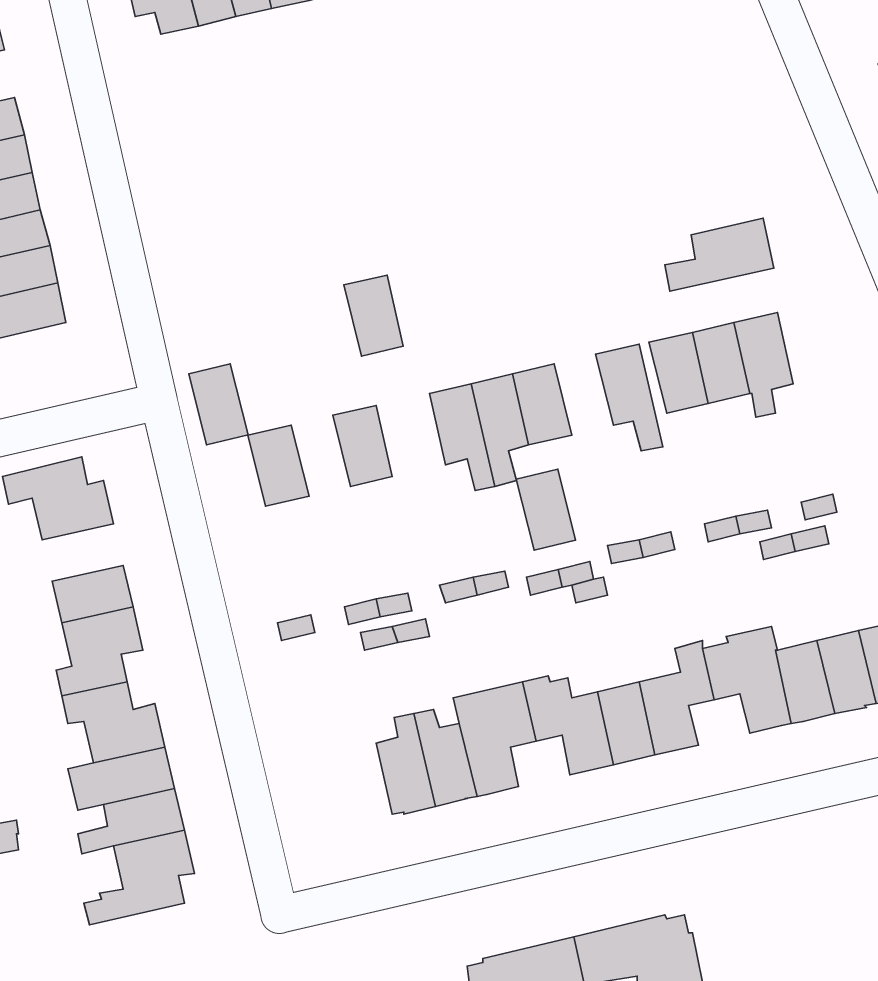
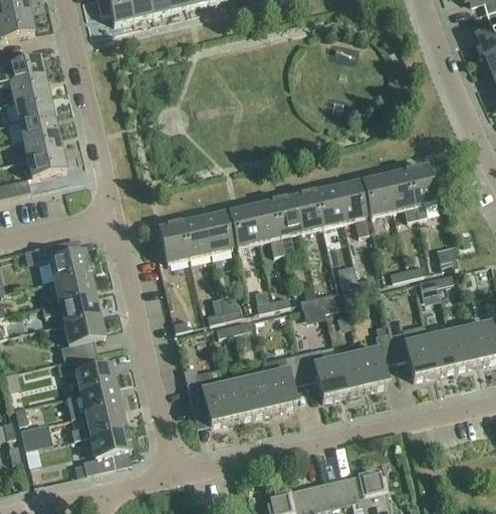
building: [665,218,774,291] -> none
building: [344,275,403,356] -> [228,206,258,247]
building: [189,364,248,445] -> [180,217,210,258]
building: [516,469,576,550] -> [313,186,343,227]
building: none -> [53,272,94,301]
building: none -> [186,374,231,426]

